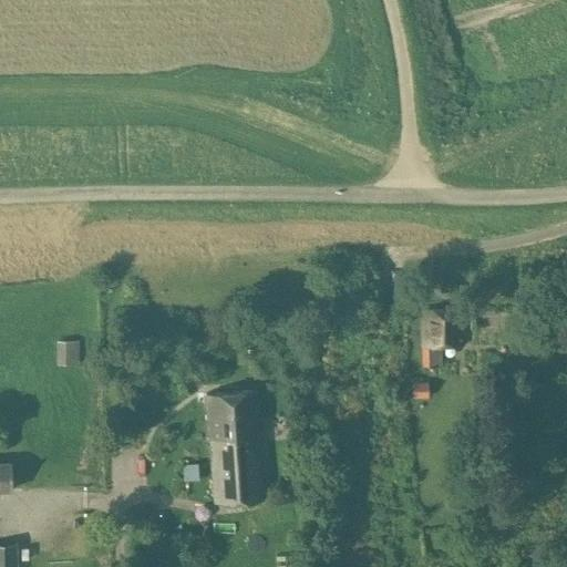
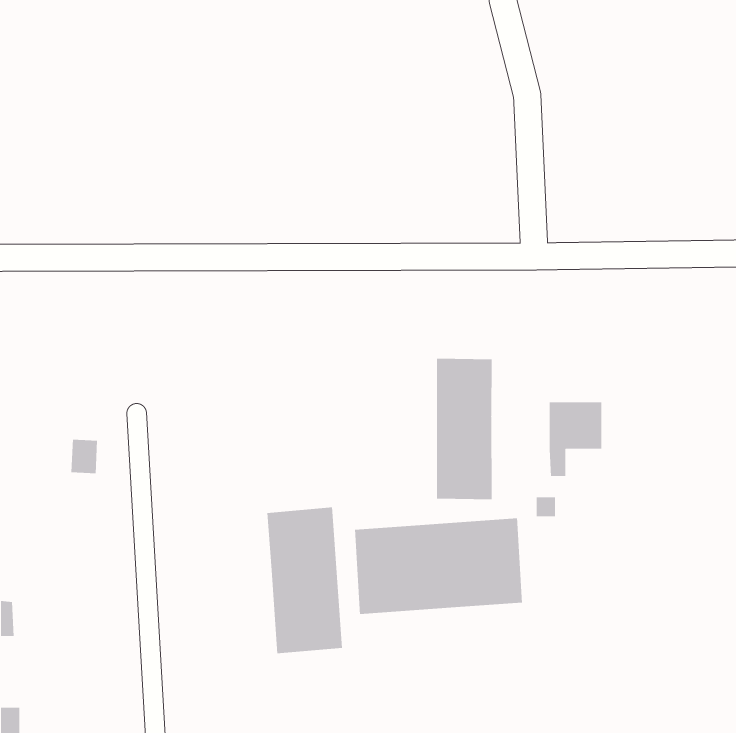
building: none -> [436,358,492,500]
building: none -> [355,518,522,615]

